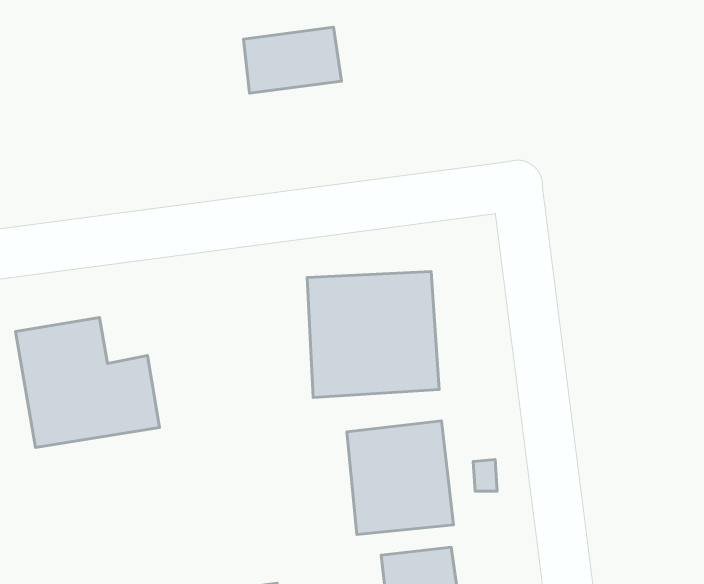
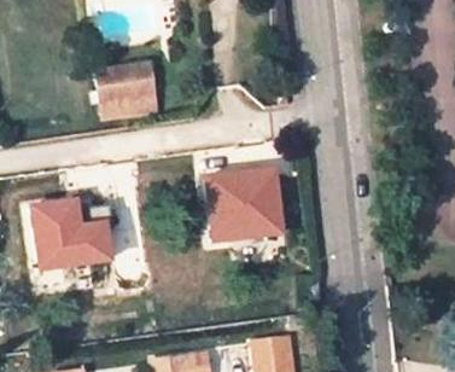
building: [243,27,341,93] -> [98,64,157,104]
building: [347,421,453,534] -> none

